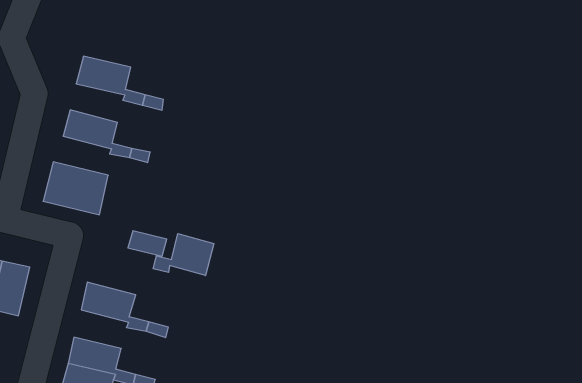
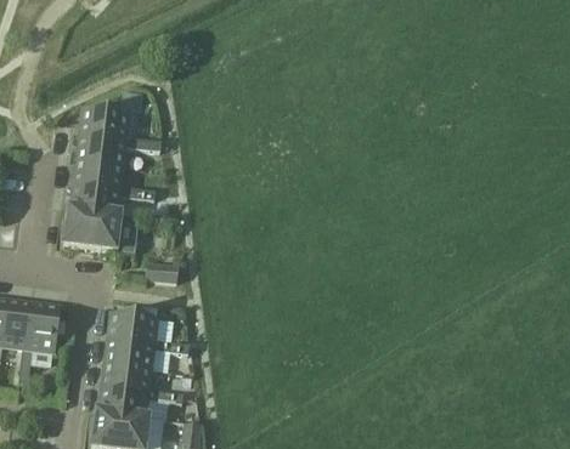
building: none -> [78,136,125,166]
building: none -> [68,184,119,215]
building: [153,234,214,276] -> none
building: none -> [106,339,153,369]

